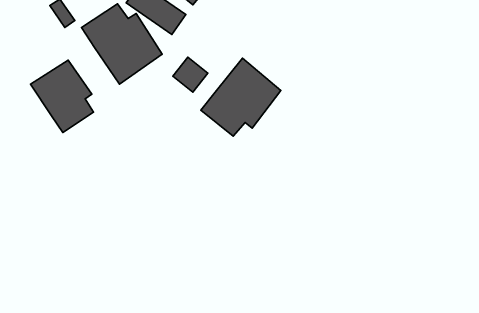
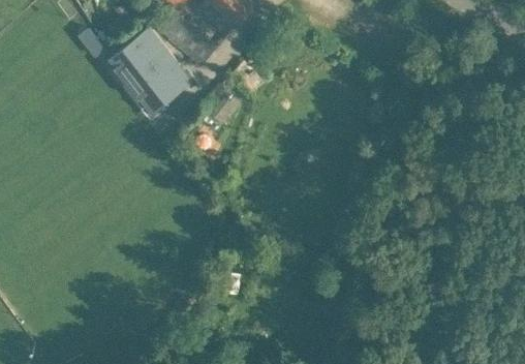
building: [201,58,281,136] -> none
building: [31,60,93,133] -> none

